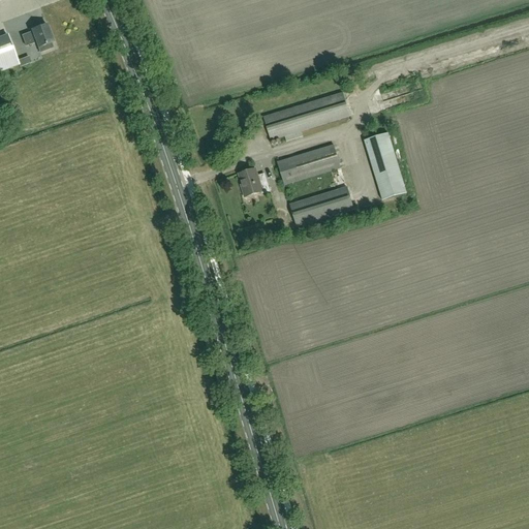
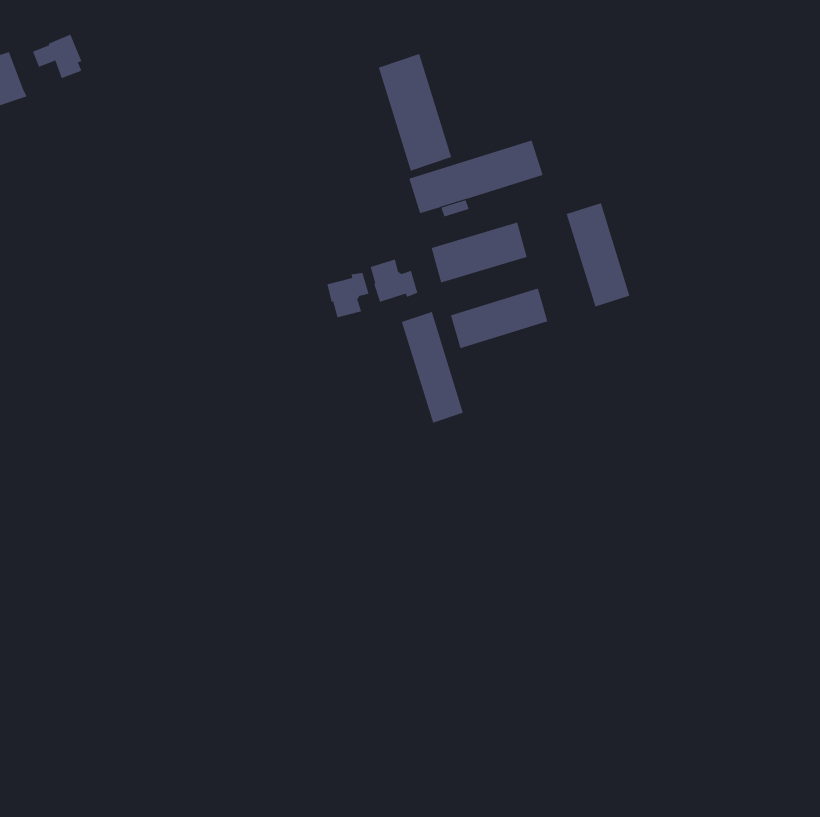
building: none -> [378,53,452,171]
building: none -> [327,272,369,318]
building: none -> [401,311,464,424]

